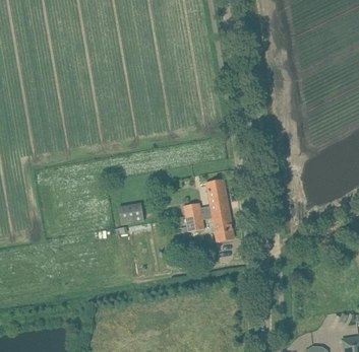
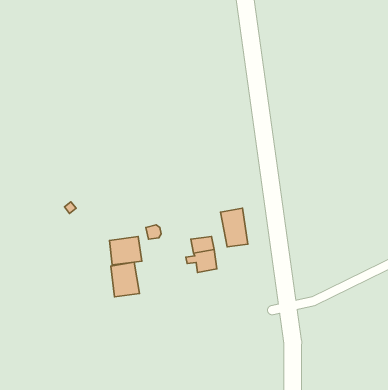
building: [212,208,234,240] -> none
building: none -> [111,262,140,297]

